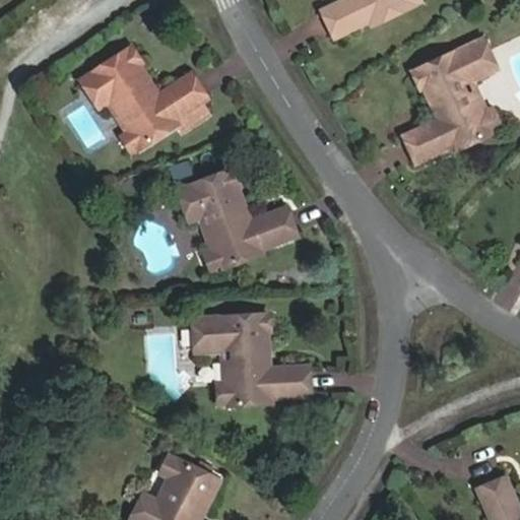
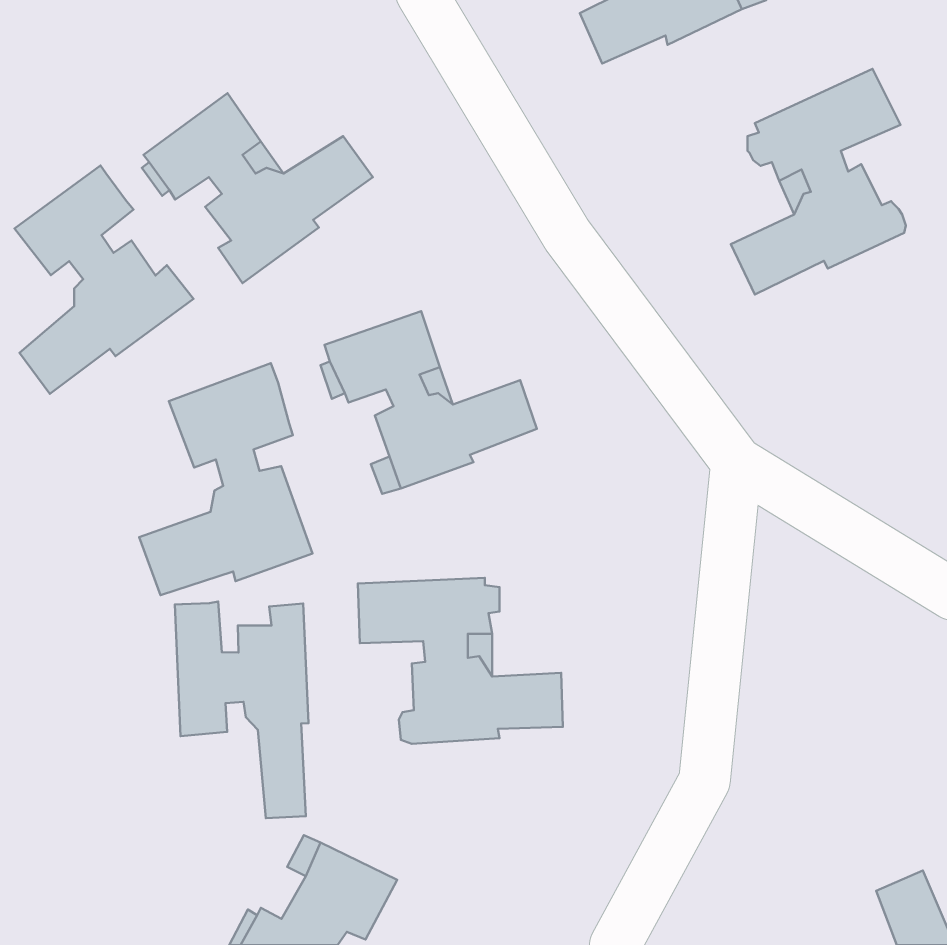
building: none -> [14,166,194,394]
building: none -> [139,363,313,595]
building: none -> [175,601,308,818]

